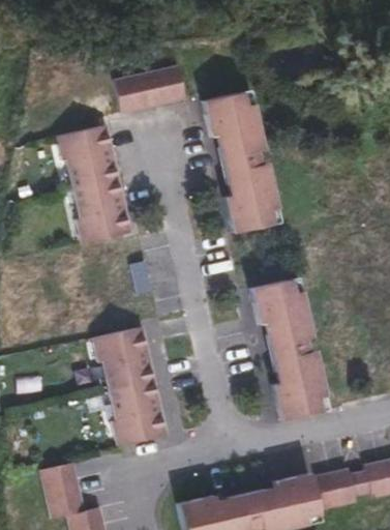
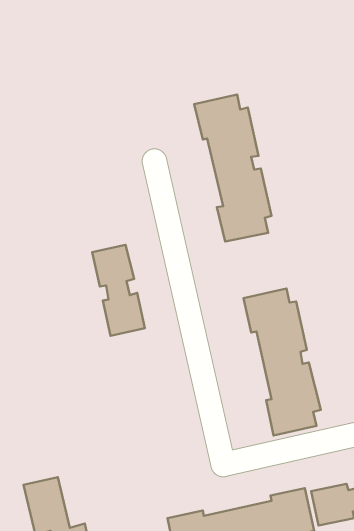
building: [117,67,189,115] -> none
building: [58,124,132,244] -> none
building: [93,326,168,446] -> none

